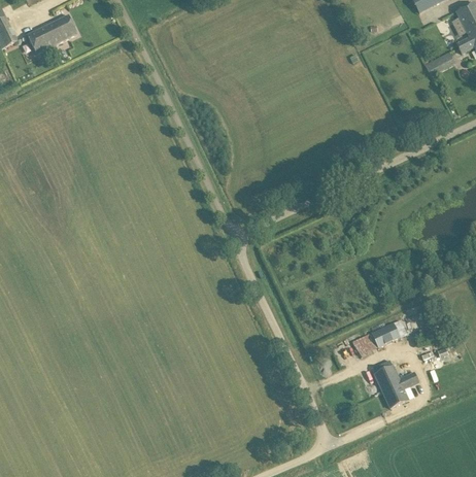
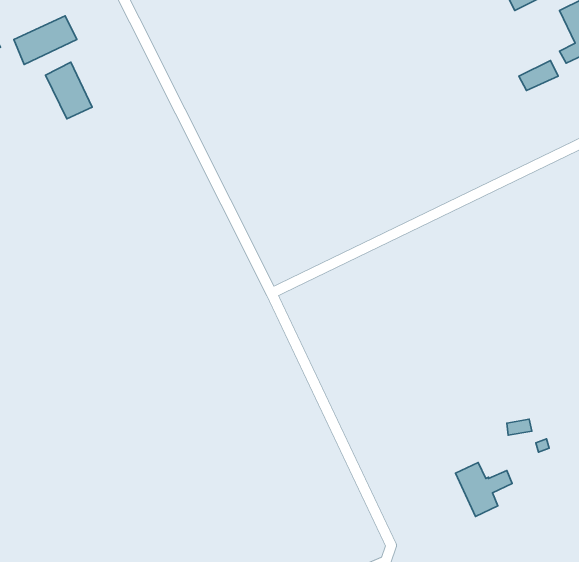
building: none -> [45,62,92,119]
building: [351,319,406,354] -> none

